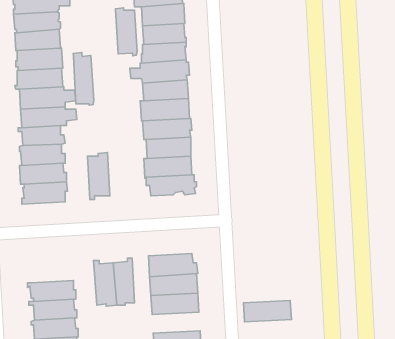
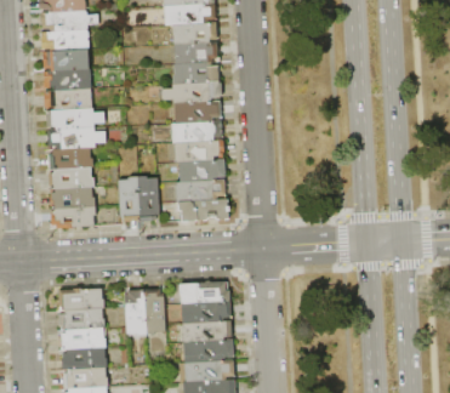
building: [115,8,137,56] -> none
building: [73,52,94,105] -> none
building: none -> [138,177,161,224]
building: none -> [58,289,106,312]
building: [243,301,291,322] -> [184,342,234,364]

